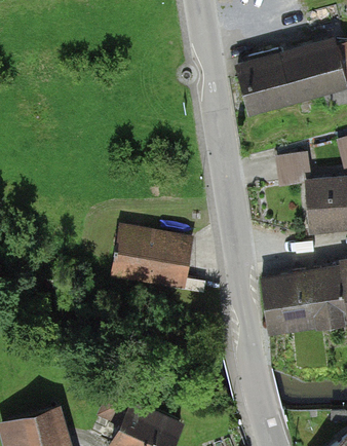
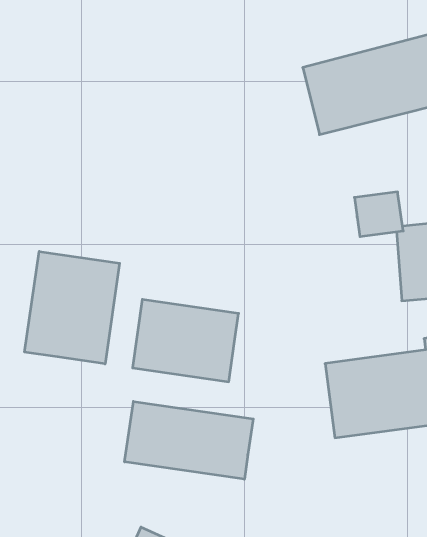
building: none -> [25,251,120,364]
building: none -> [125,401,253,479]

